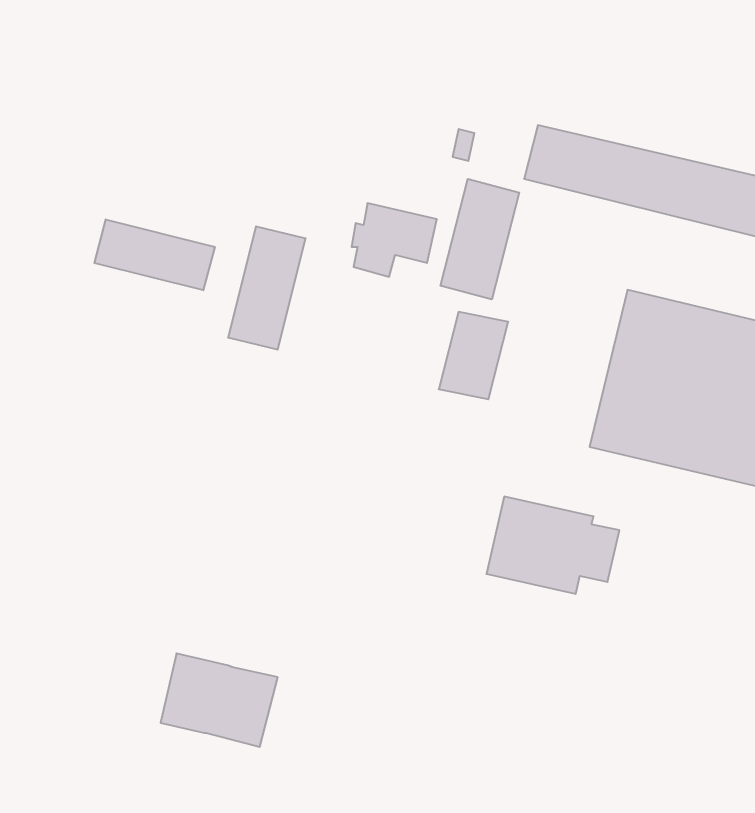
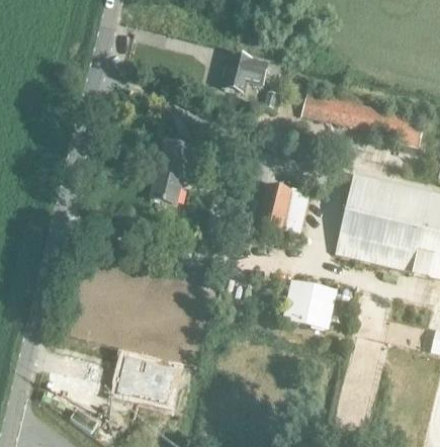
building: [440,179,519,299] -> none
building: [352,203,437,277] -> [224,55,267,92]
building: [94,219,215,290] -> none

